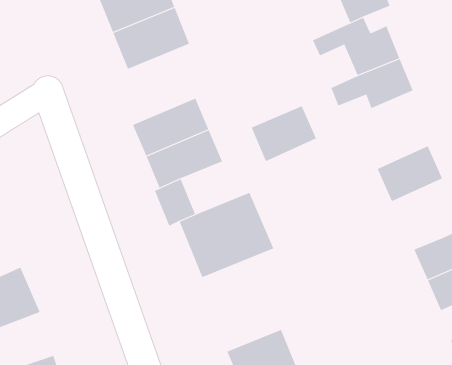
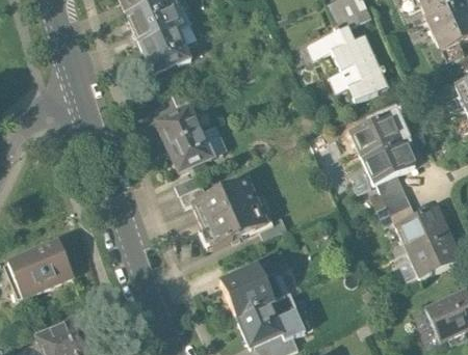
building: [251,105,317,162] -> [347,109,404,157]
building: none -> [372,173,416,225]
building: none -> [217,257,279,311]

